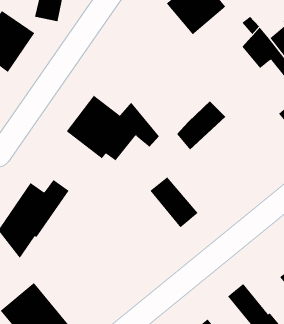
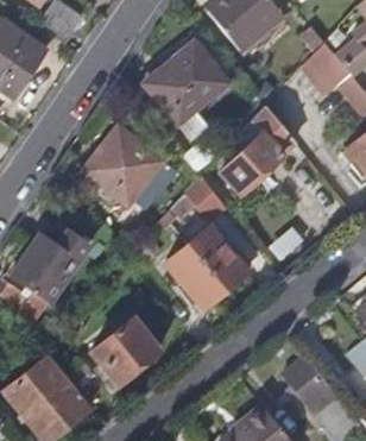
building: none -> [144,43,226,139]
building: none -> [223,105,294,158]
building: none -> [164,176,223,219]
building: none -> [165,244,225,308]
building: none -> [89,317,157,384]

